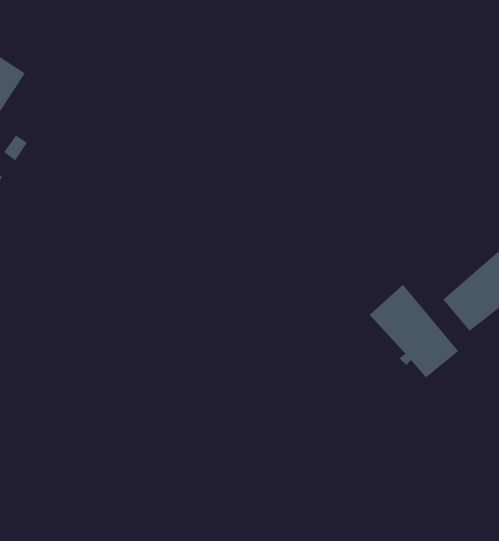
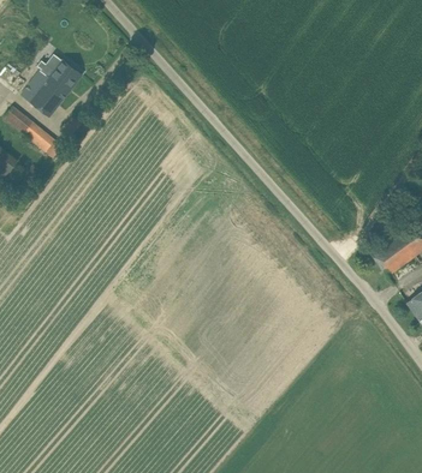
building: [369,284,459,379] -> none

